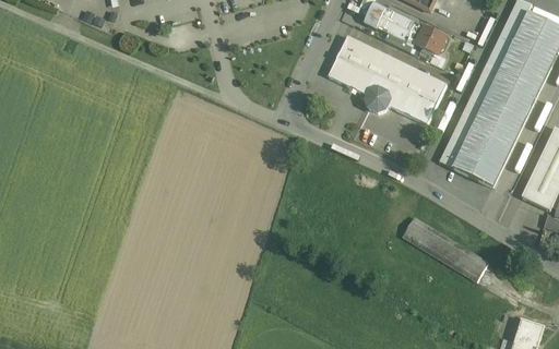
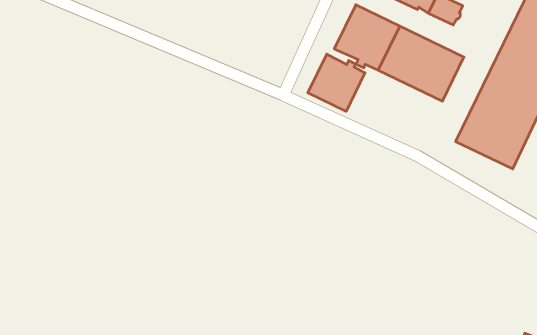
building: none -> [308,54,365,111]
building: [403,216,489,280] -> none

